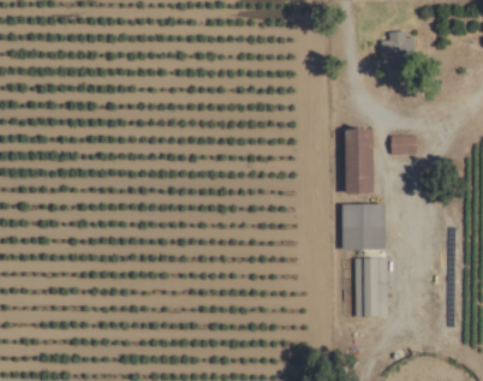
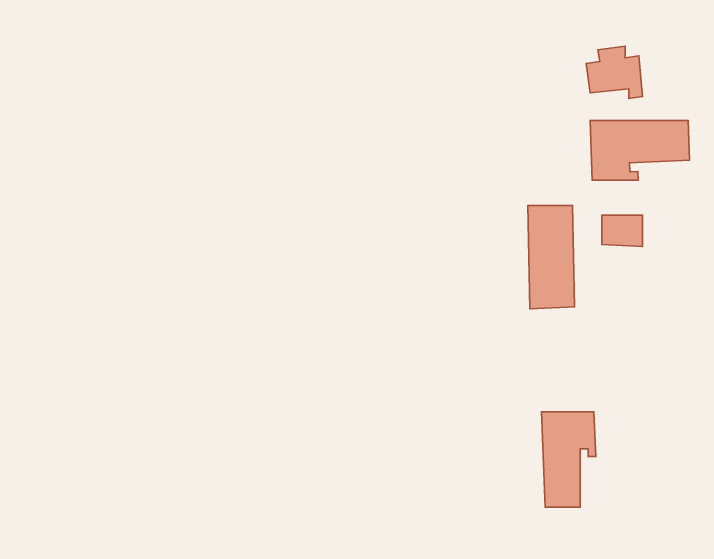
building: none -> [590,121,689,180]
building: [342,202,384,249] -> none

